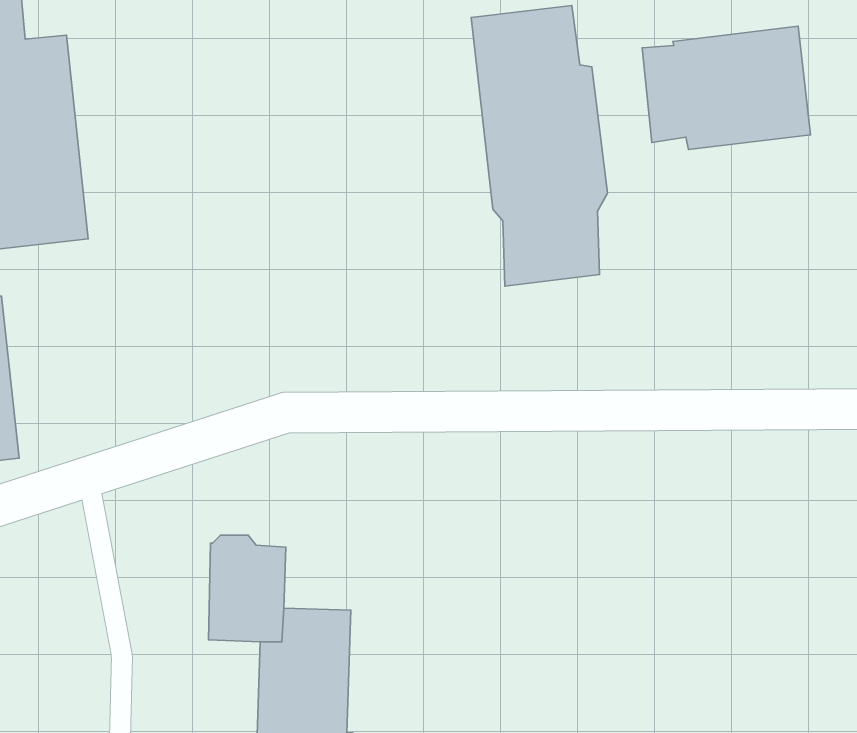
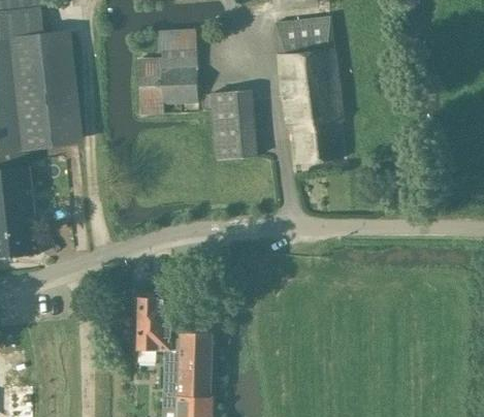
building: [642,26,811,149] -> none
building: none -> [137,29,197,115]
building: none -> [212,91,257,160]

